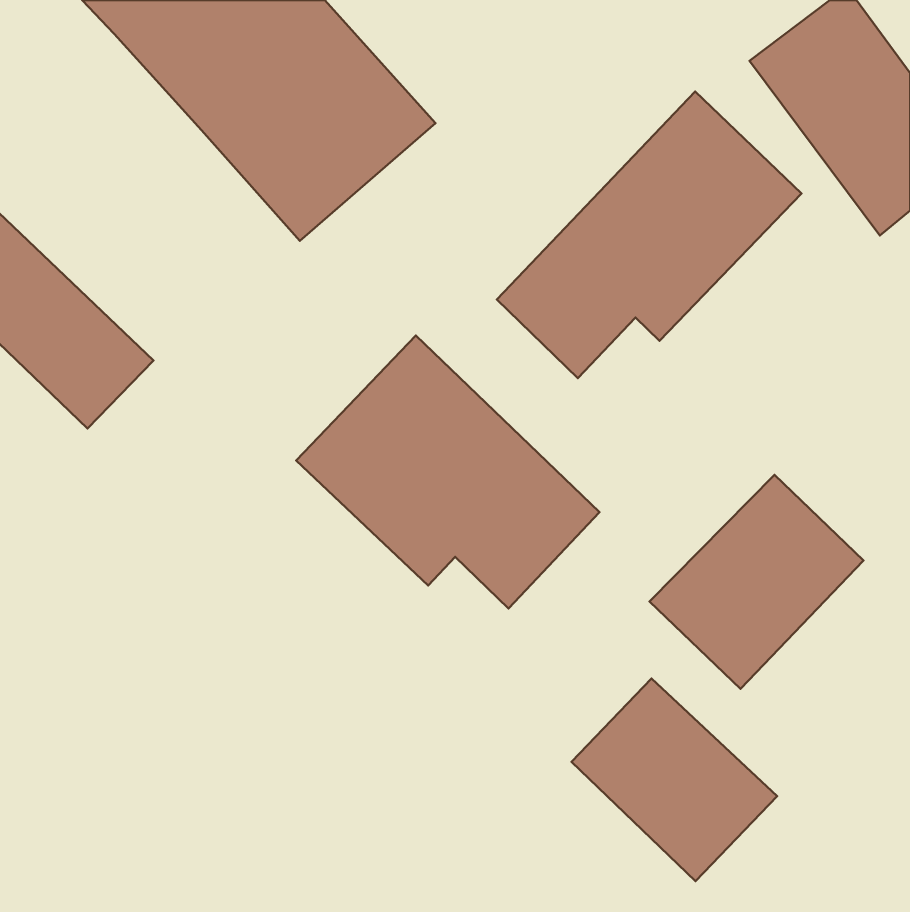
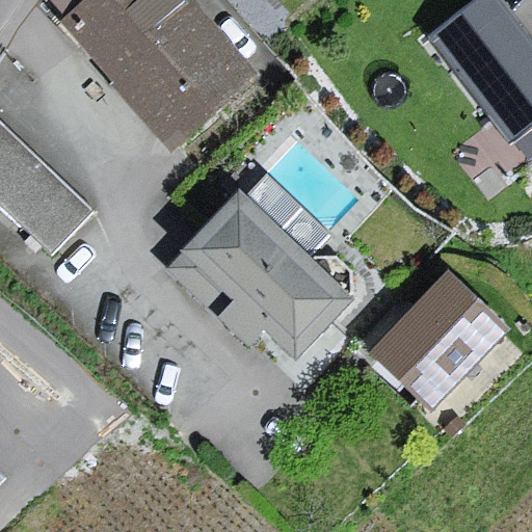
building: [497,92,802,378] -> none
building: [571,678,777,881] -> none

